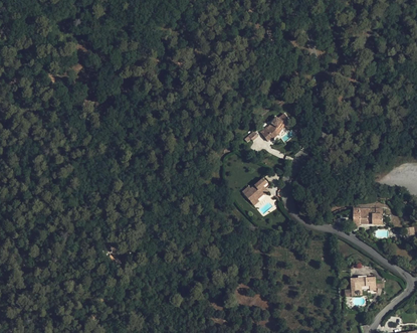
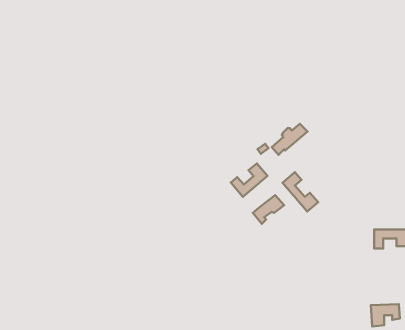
building: none -> [231,163,267,197]
building: none -> [283,172,318,212]

